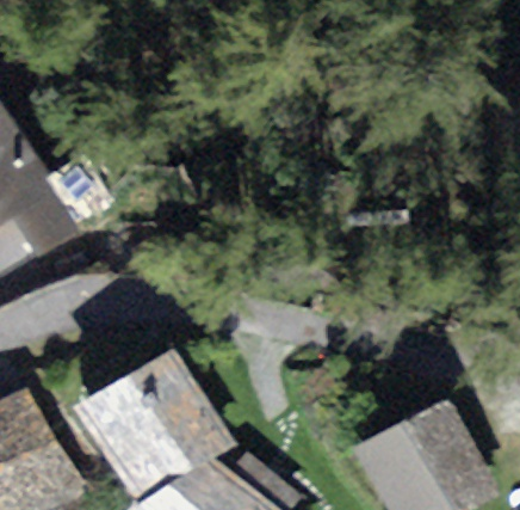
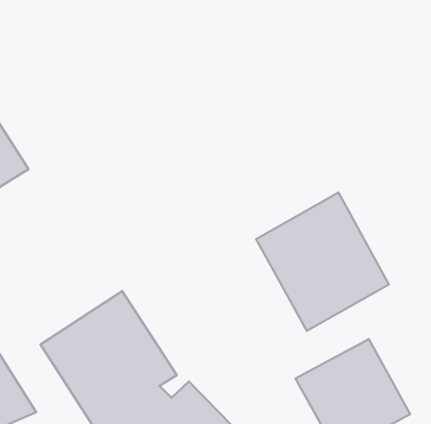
building: none -> [256,193,389,331]

